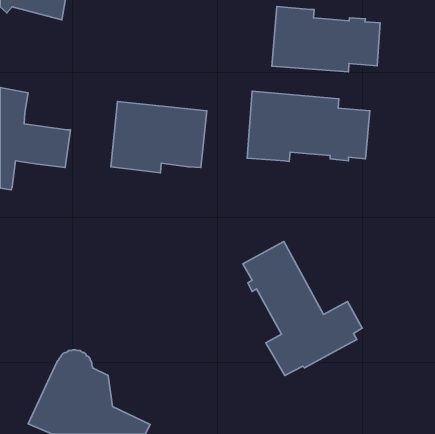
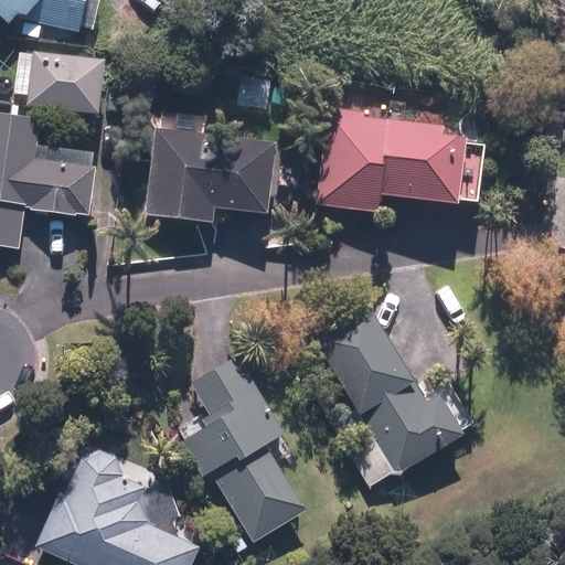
building: [272,6,380,72] -> none
building: none -> [18,53,100,114]
building: none -> [184,356,303,539]

